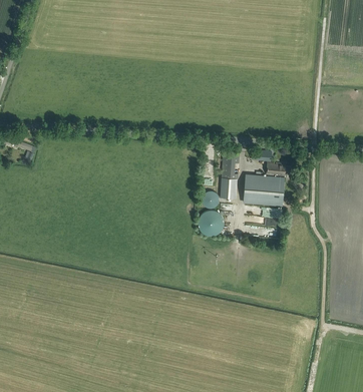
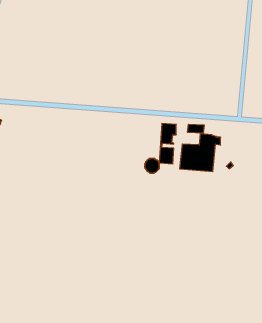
building: [198,211,224,237] -> none

